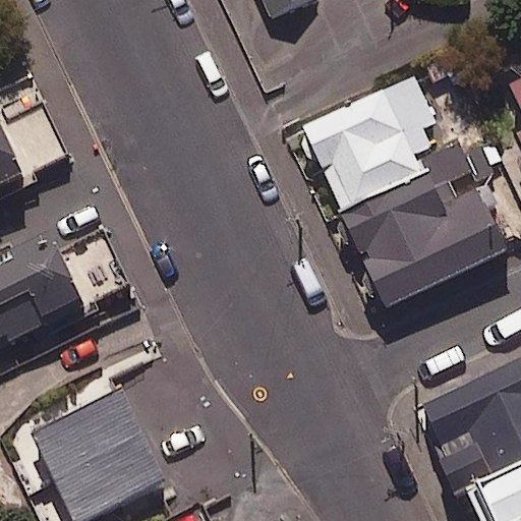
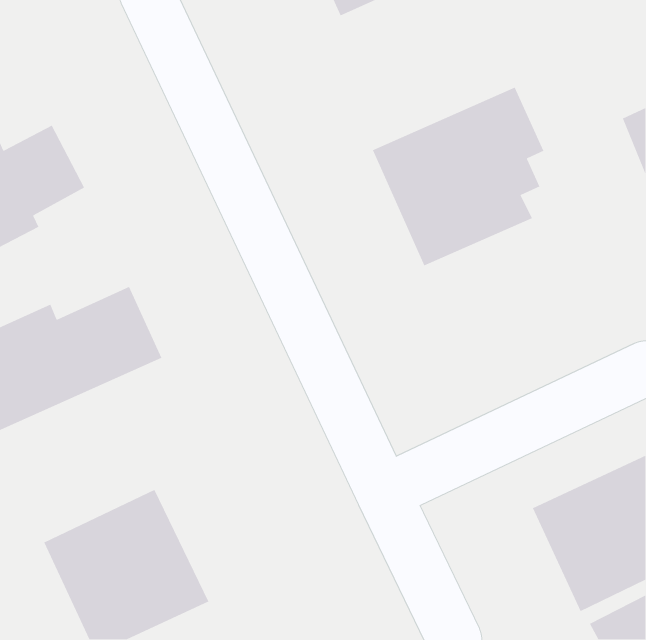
building: [340,130,508,310] -> none

